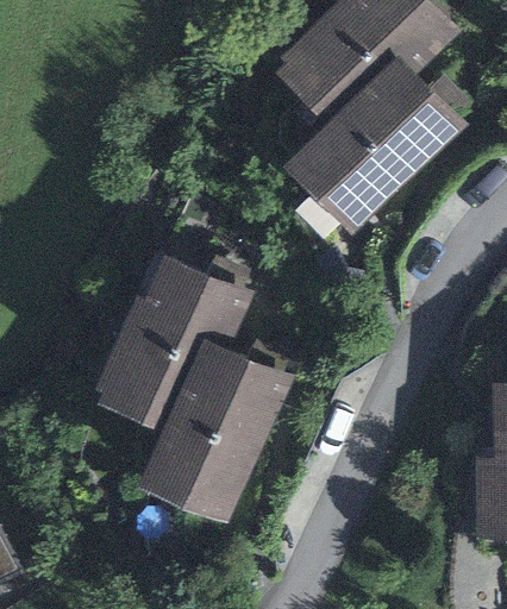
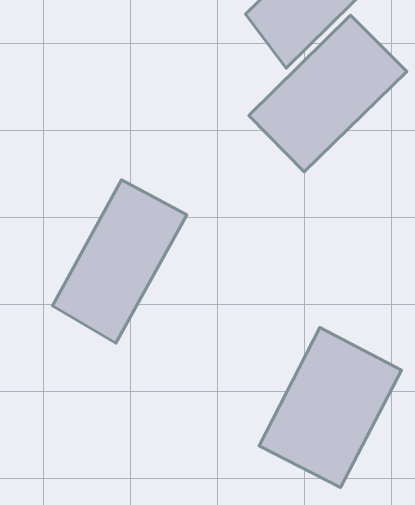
building: [142,337,296,521] -> none
building: none -> [259,327,401,487]

